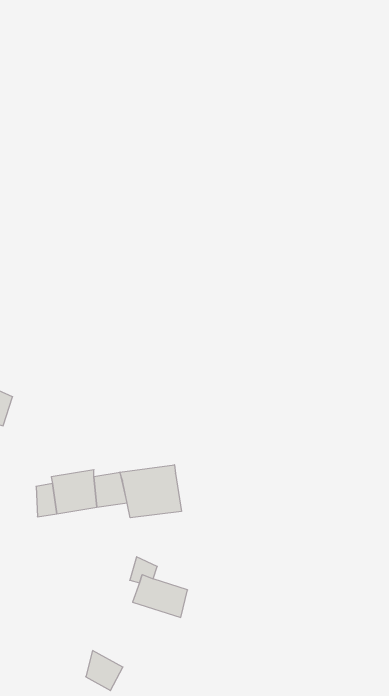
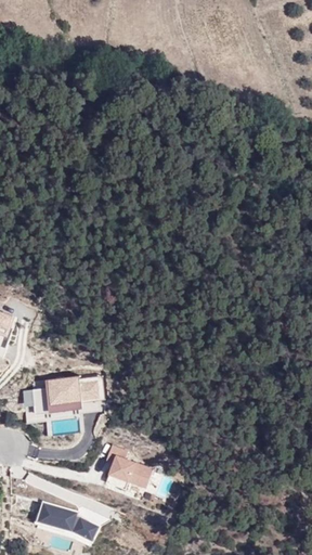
building: [120,465,181,518] -> none
building: none -> [36,501,77,535]

